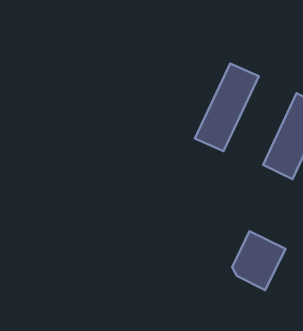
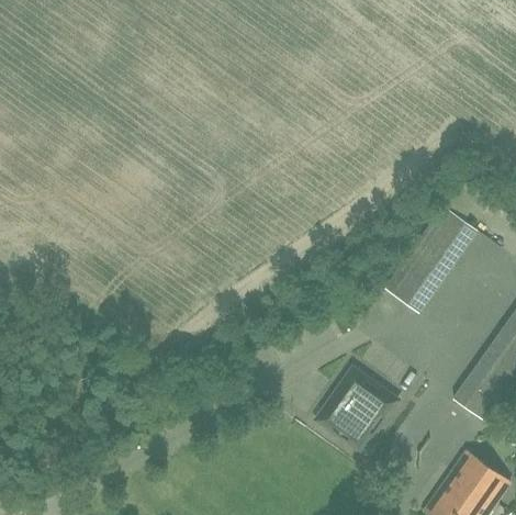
building: [195,63,259,151] -> none

